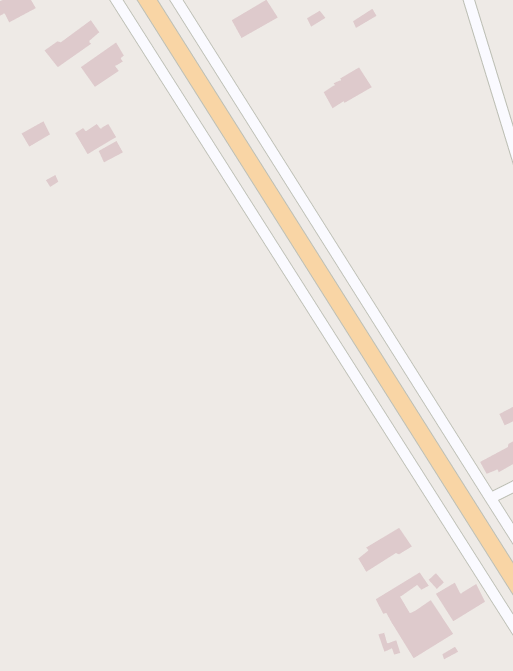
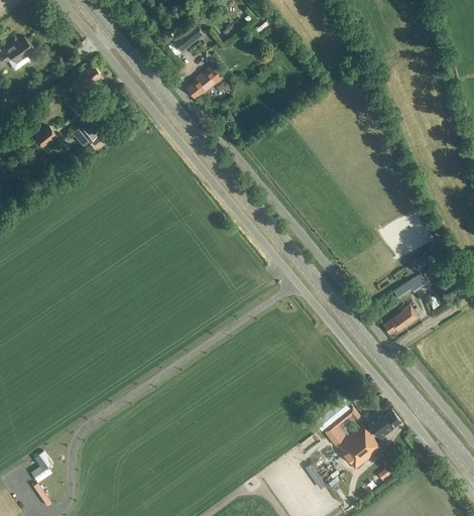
building: [43,19,100,68] -> none
building: [323,66,373,109] -> [186,68,220,100]
building: [357,527,413,573] -> none

